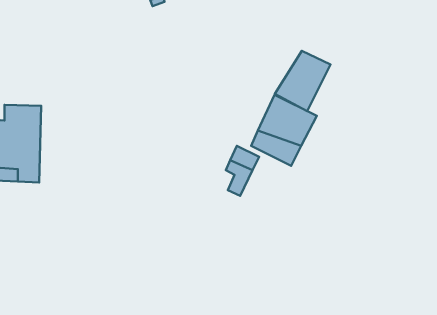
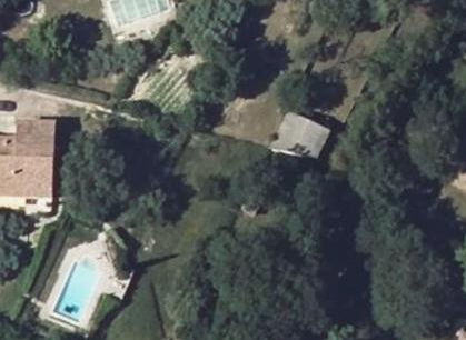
building: [275,51,331,111] -> none

